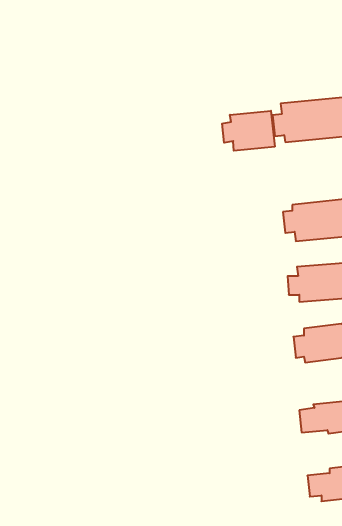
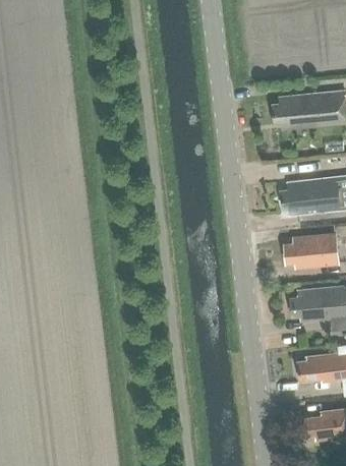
building: [222,111,275,151] -> none

